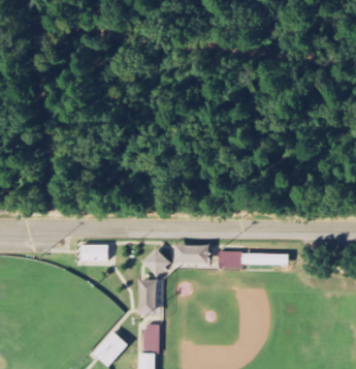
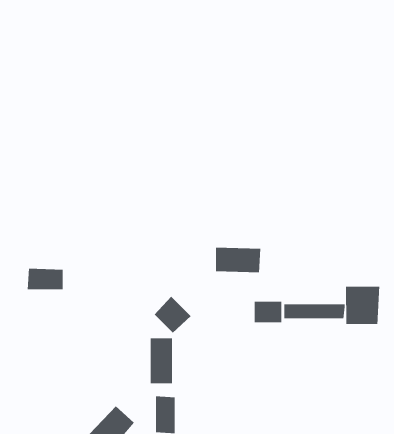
building: none -> [345,286,380,325]
building: [80,244,108,260] -> [27,268,63,290]
building: [174,244,209,264] -> [215,247,261,273]

